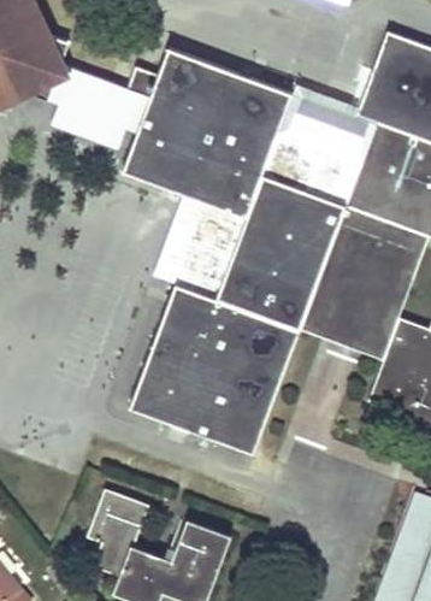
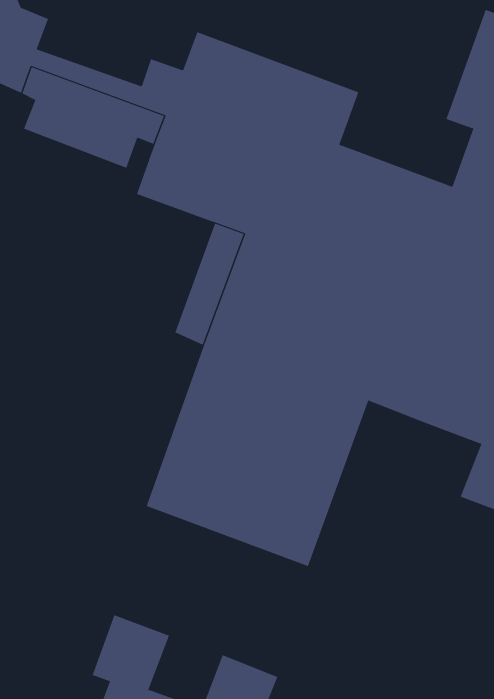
building: [277,86,377,165] -> none

